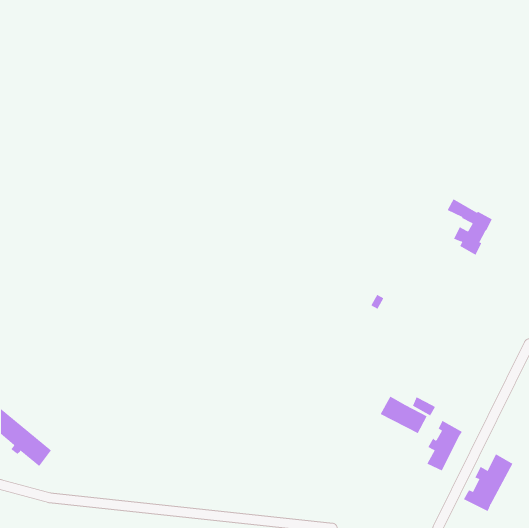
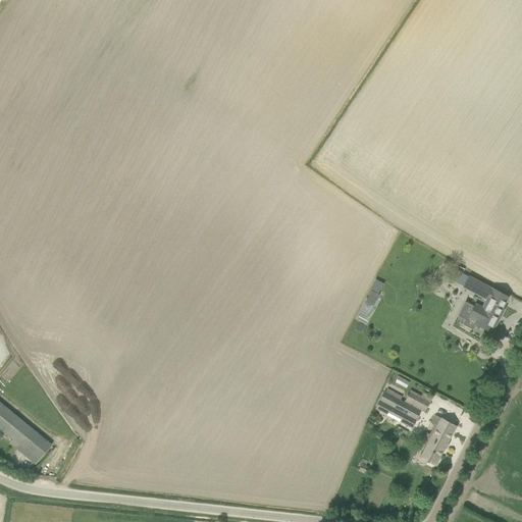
building: [447,199,492,256] -> [463,275,508,331]
building: [463,453,513,512] -> none

